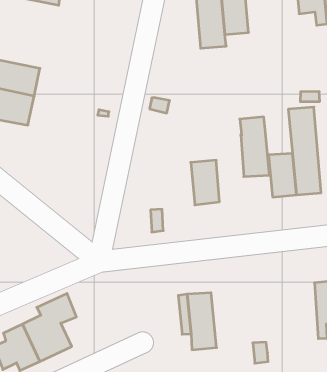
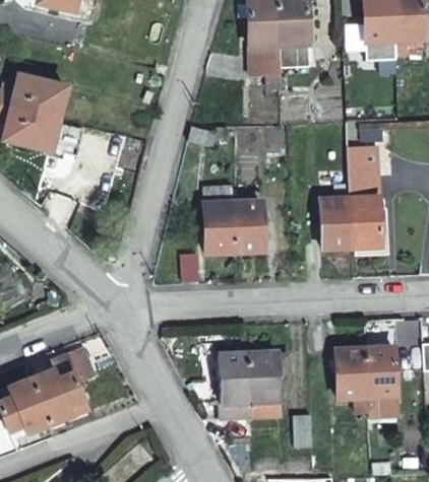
building: [240,117,269,177] -> [204,185,235,252]
building: none -> [336,348,368,412]
building: none -> [248,352,288,416]

